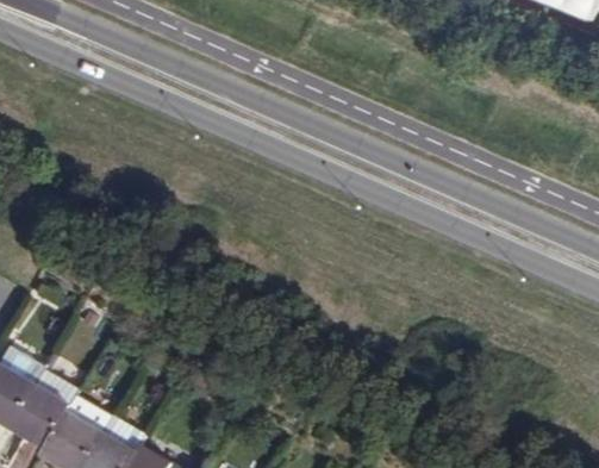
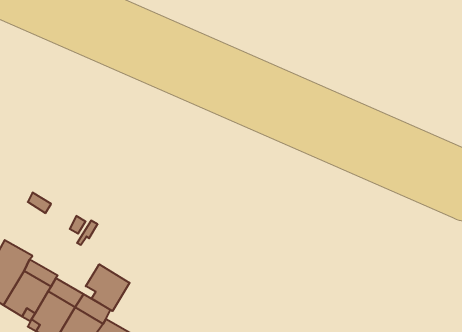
building: none -> [86,264,130,311]

